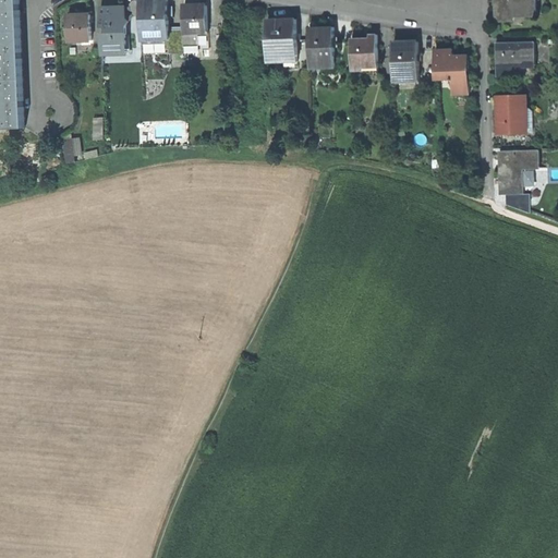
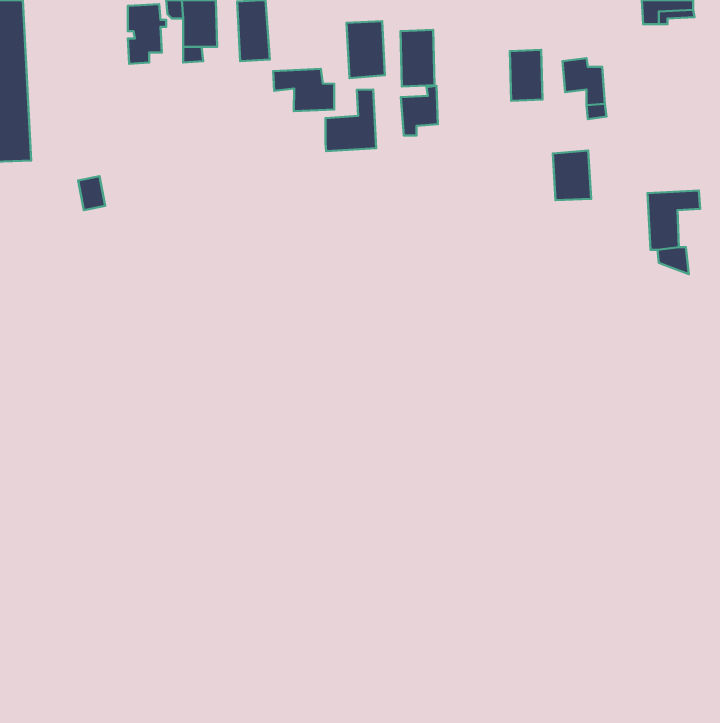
building: [66,13,88,40] -> none
building: [348,32,376,70] -> [401,86,438,136]
building: [493,43,533,75] -> none
building: none -> [273,69,334,111]
building: none -> [325,89,376,151]
building: [495,95,524,133] -> [553,151,591,200]

